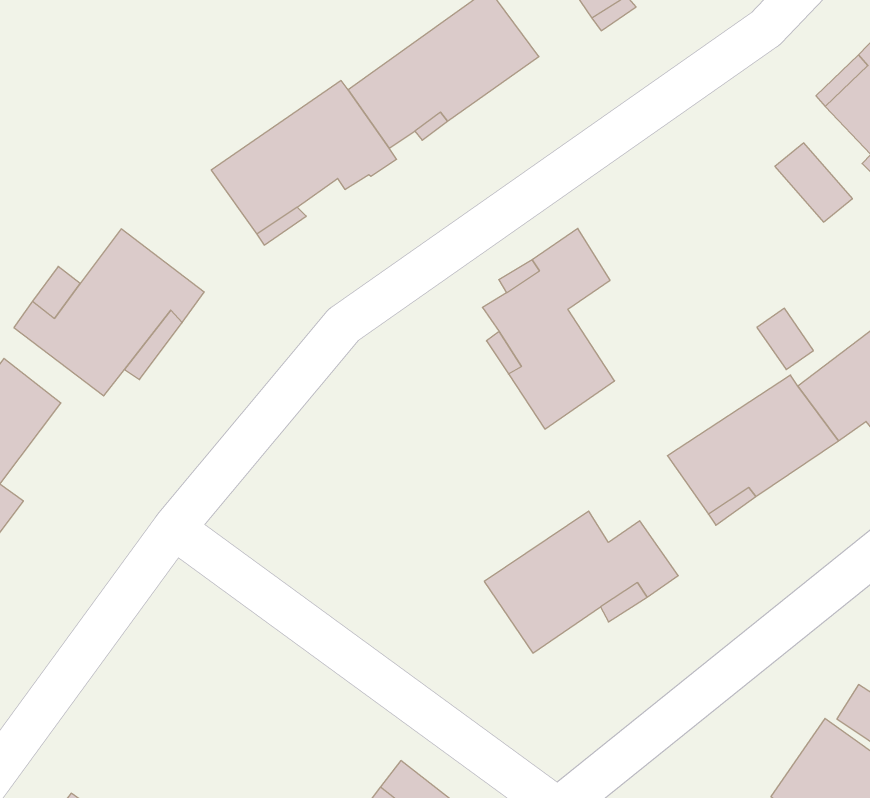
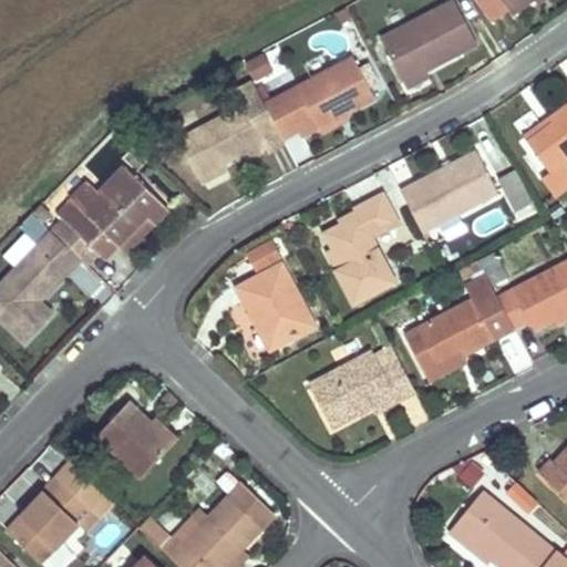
building: none -> [398,156,496,236]
building: none -> [233,262,312,349]
building: none -> [97,400,179,476]

